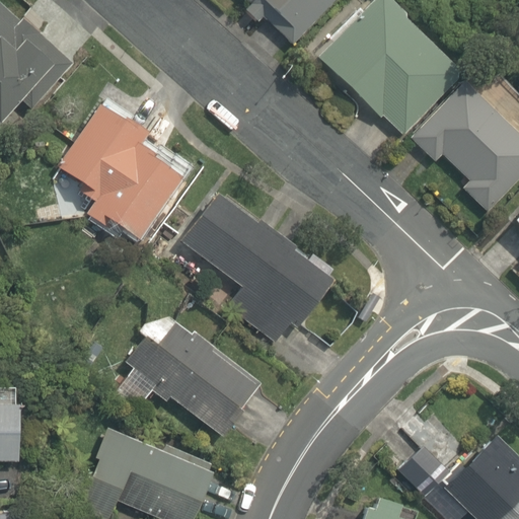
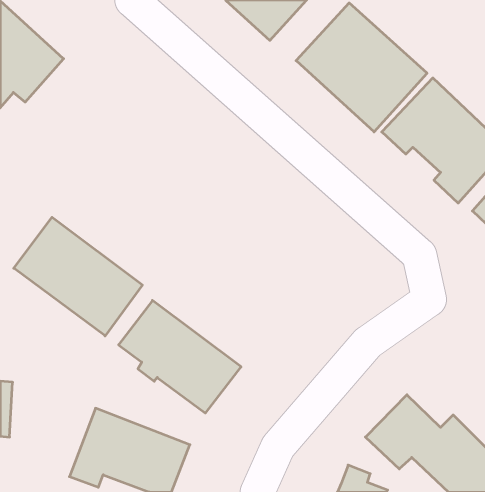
building: [57,80,183,241] -> none
building: [181,192,331,341] -> none
building: none -> [14,217,142,336]

